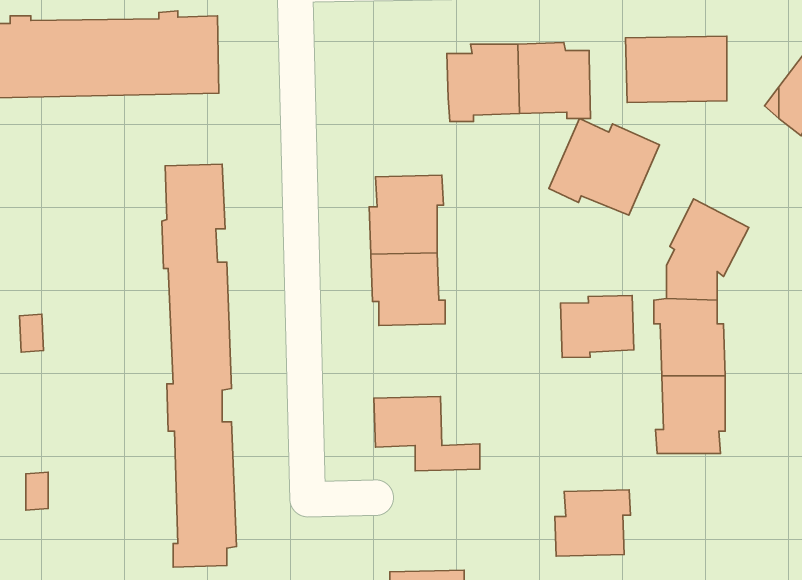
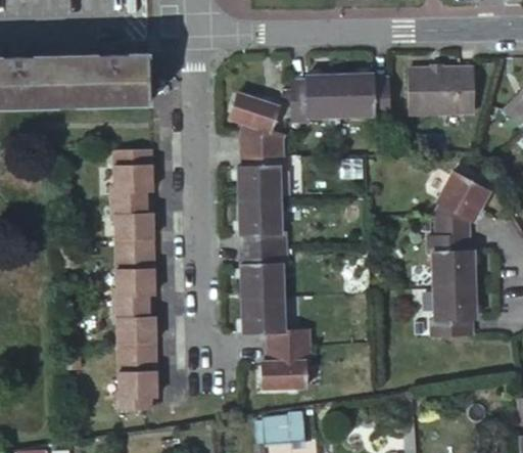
building: none -> [232,100,290,157]
building: [549,118,659,215] -> none
building: [560,296,634,357] -> none
building: none -> [245,253,292,301]
building: [555,490,631,556] -> [266,347,315,390]

